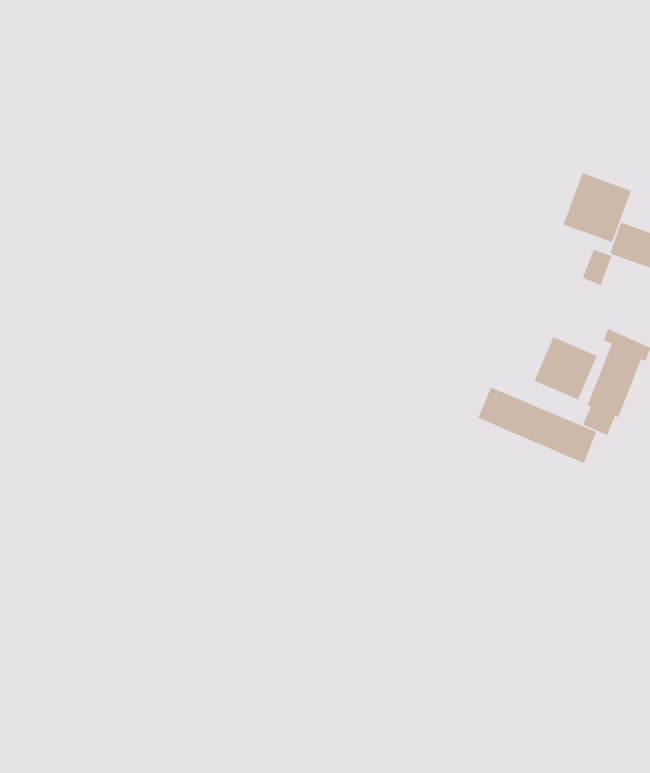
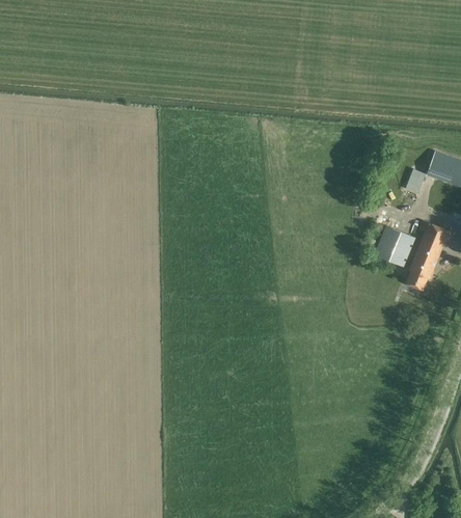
building: [563,172,632,243] -> none
building: [477,386,597,464] -> none

